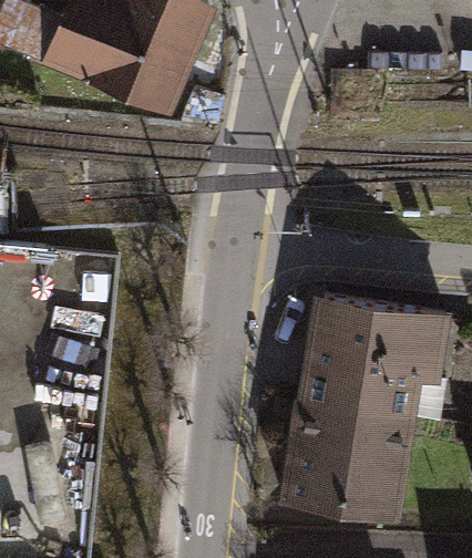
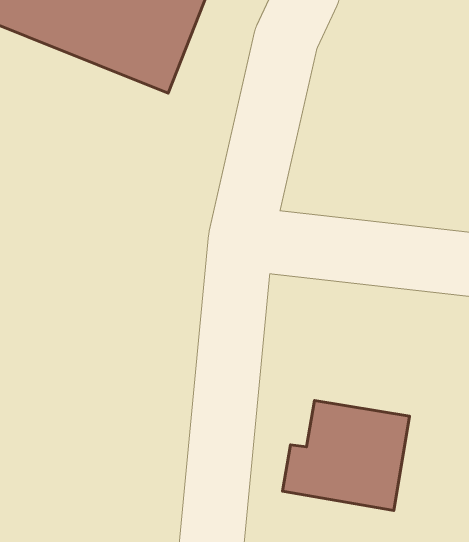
building: [294,298,438,428] -> none

